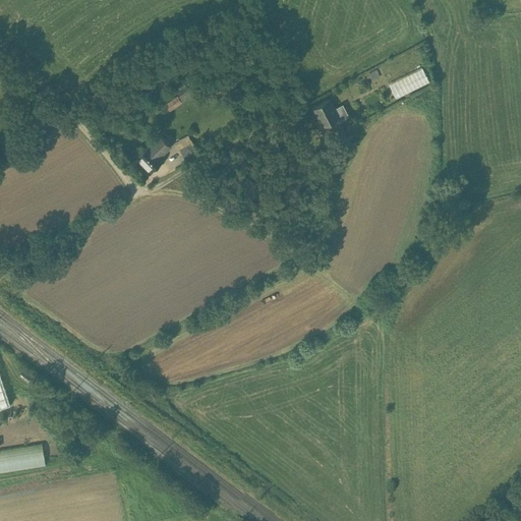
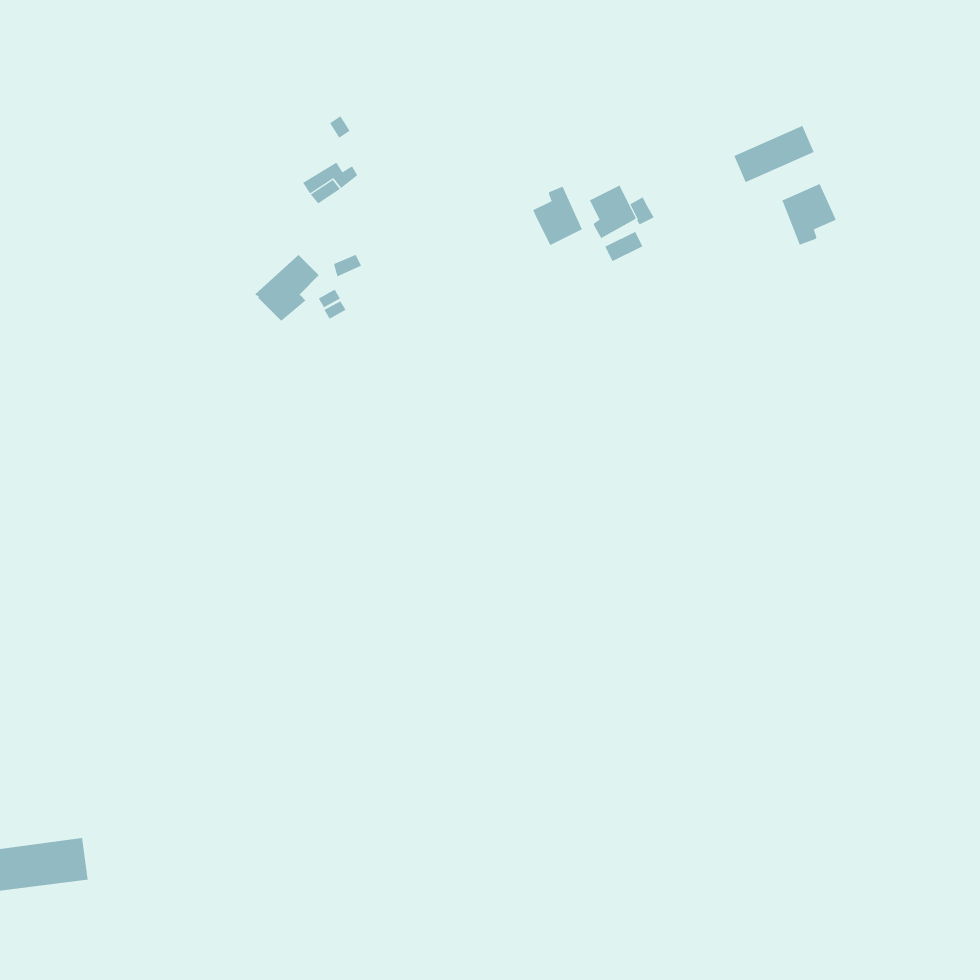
building: none -> [781,183,836,245]
building: none -> [532,186,584,246]

